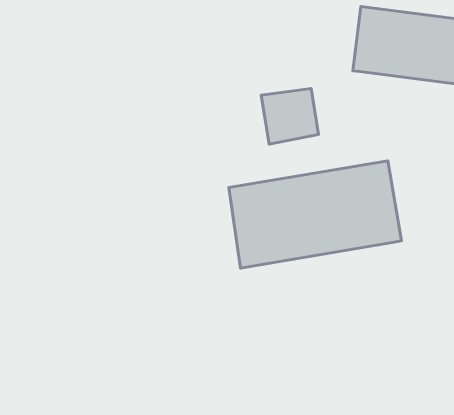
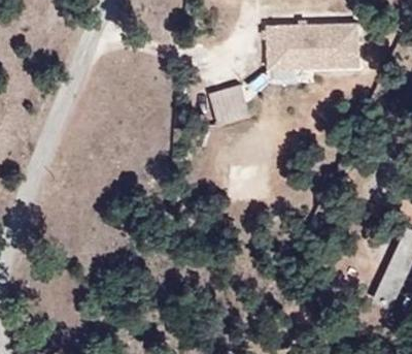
building: [229,161,401,268] -> none

